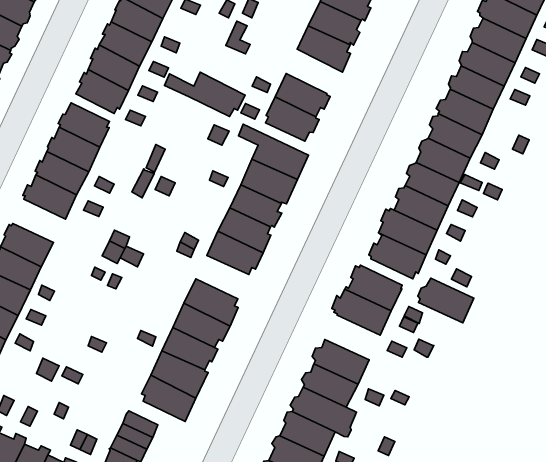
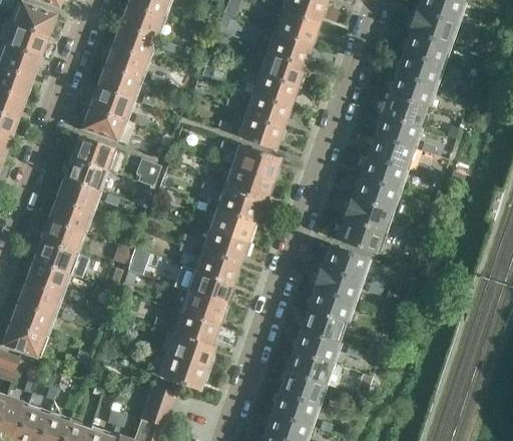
building: [165,72,245,117] -> [232,72,300,106]
building: none -> [41,218,84,252]
building: none -> [196,250,239,283]
building: [418,278,474,323] -> [307,288,353,322]

